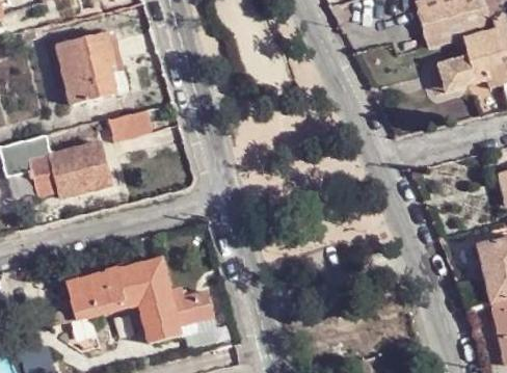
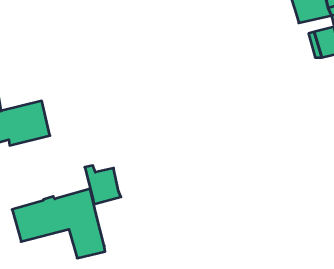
building: [56,33,116,107] -> none
building: [107,109,154,141] -> none
building: [168,285,214,334] -> [85,166,121,204]

